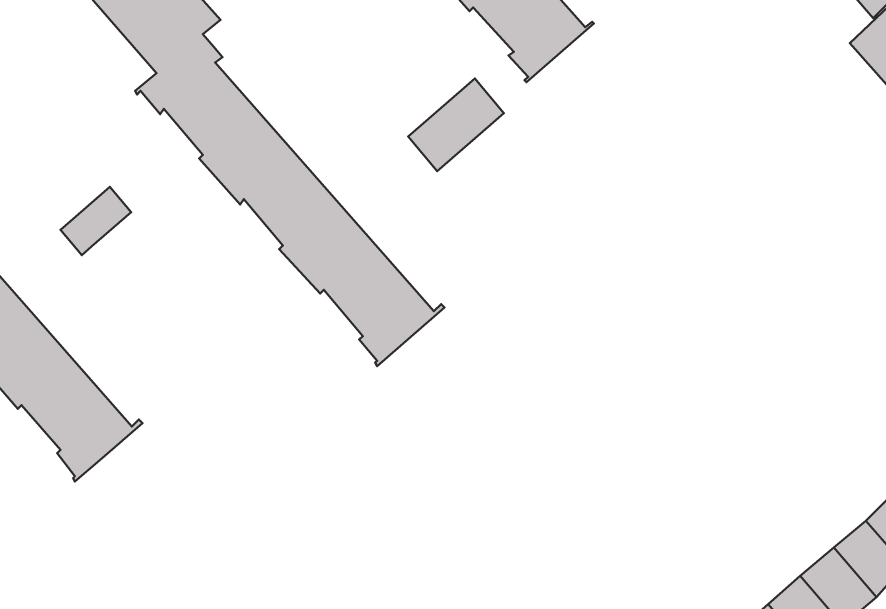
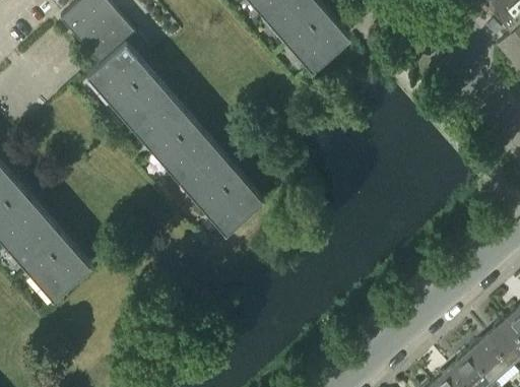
building: [408,79,504,171] -> none
building: [60,187,131,255] -> none

